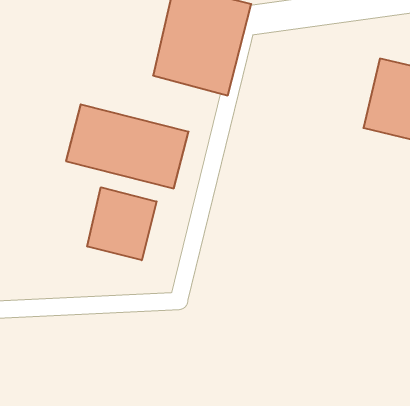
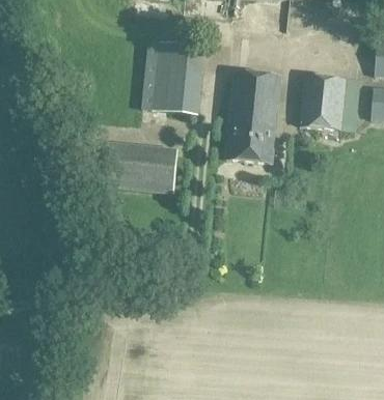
building: none -> [226,74,279,164]
building: [87,187,157,260] -> none

